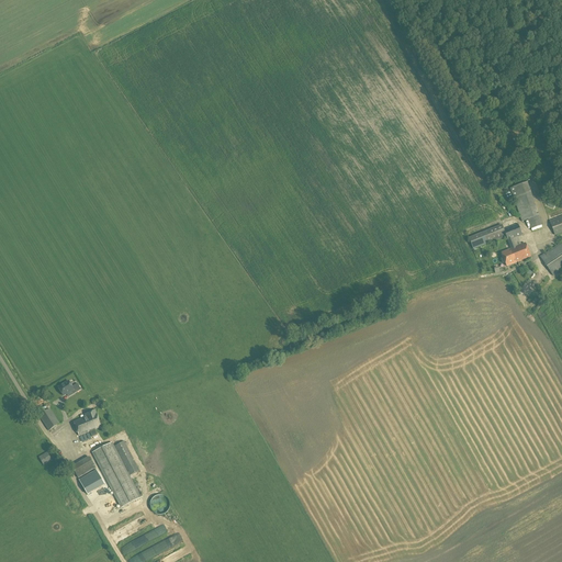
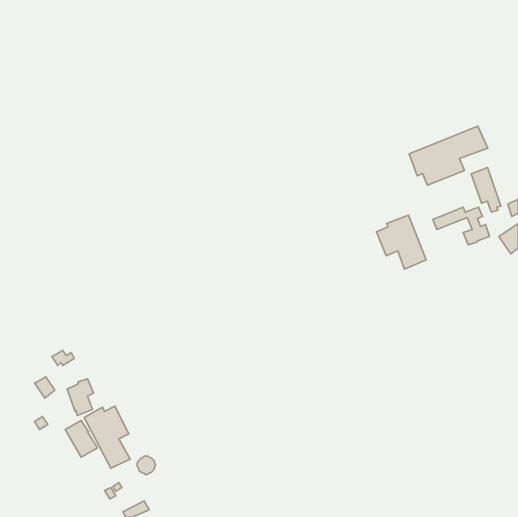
building: none -> [409,126,488,185]
building: none -> [376,215,426,269]

